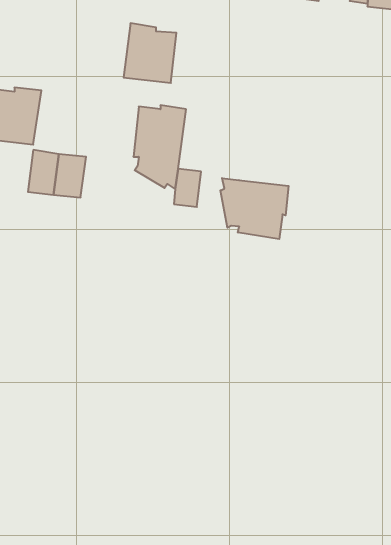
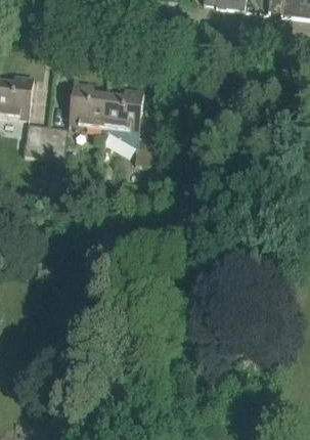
building: [124,23,176,83] -> [68,83,107,128]
building: [220,178,289,239] -> none

